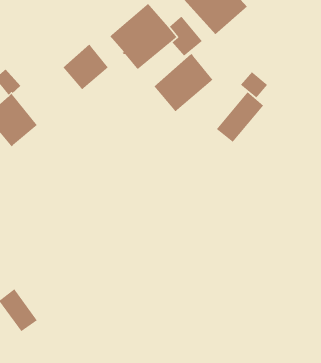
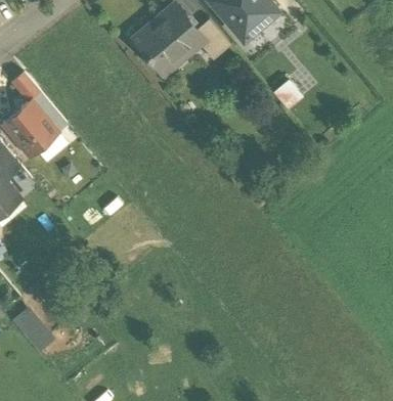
building: [63,44,109,90] -> none
building: [153,53,213,112] -> none
building: [216,91,264,143] -> none

